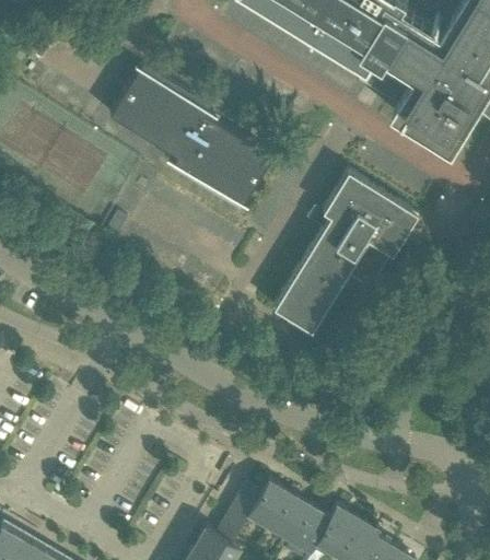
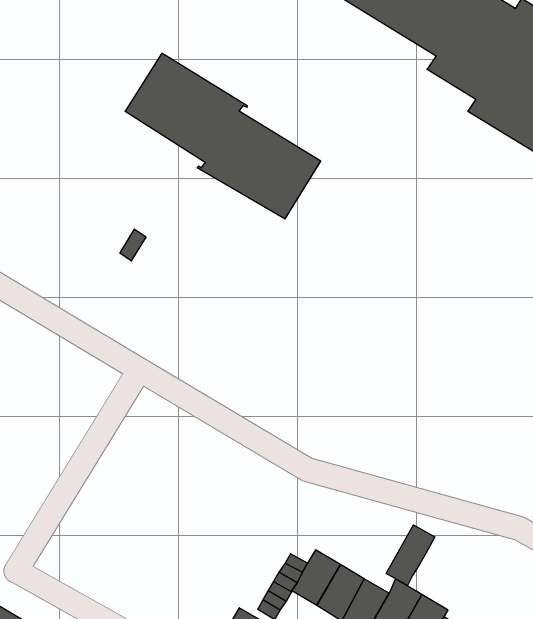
building: [275,172,419,334] -> none
building: none -> [386,525,435,586]

